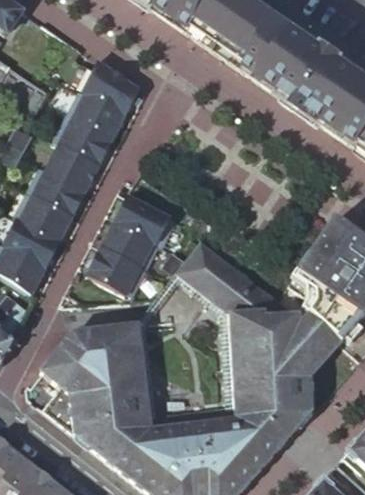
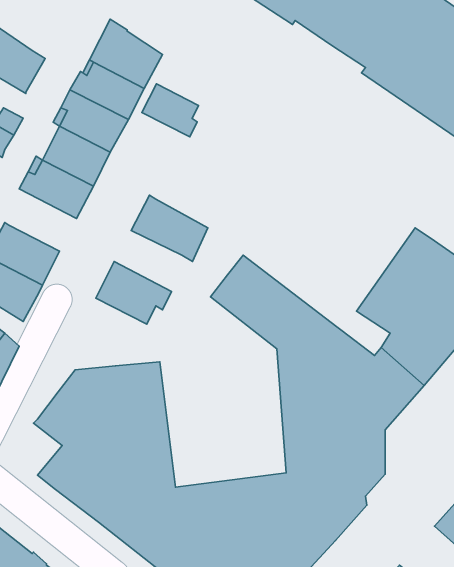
building: none -> [142,84,199,137]
building: [21,190,73,238] -> none
building: [102,222,154,269] -> none

